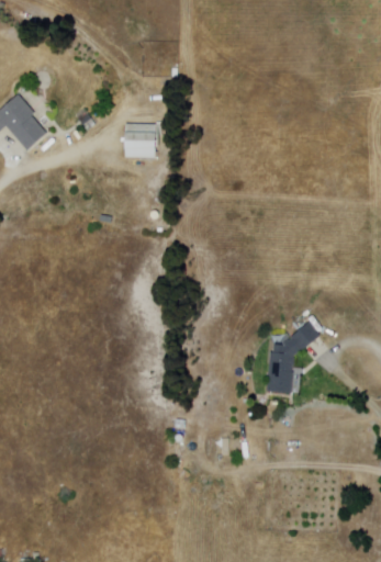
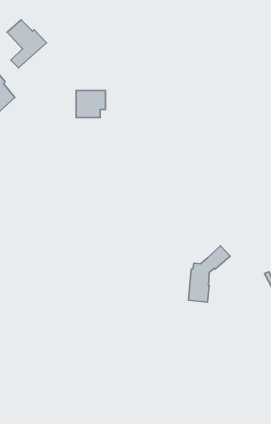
building: none -> [7,20,46,68]

